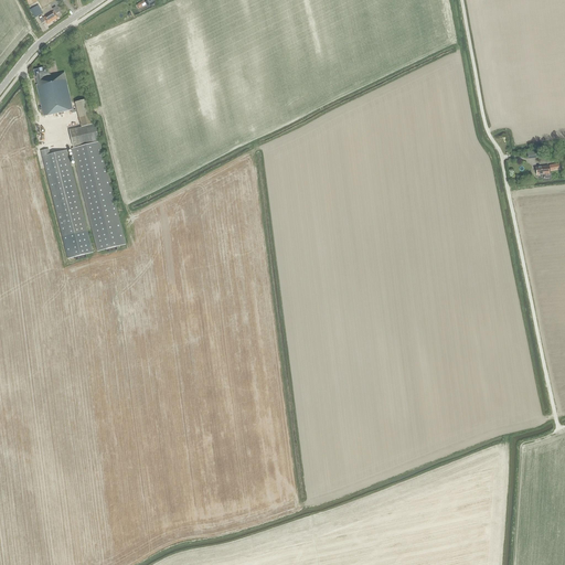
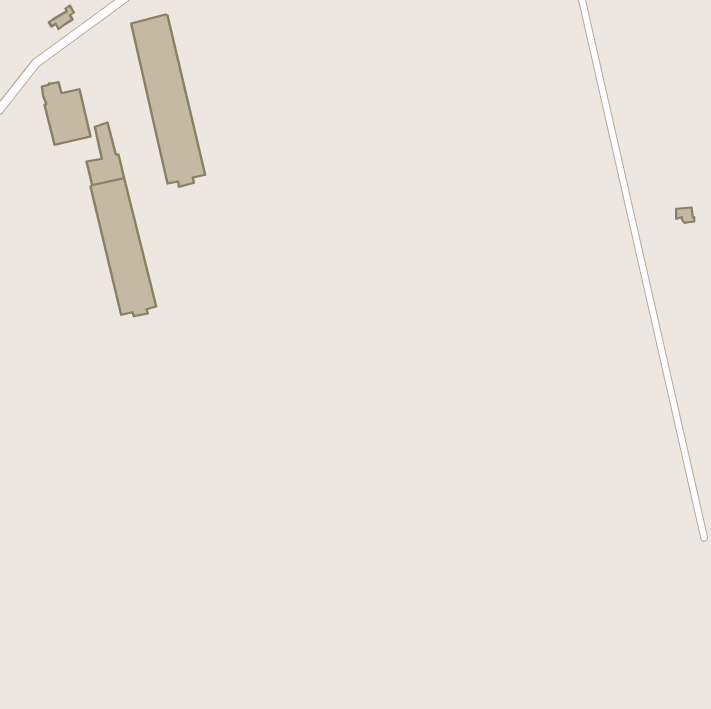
building: none -> [131,15,205,187]
building: [40,147,92,259] -> none

